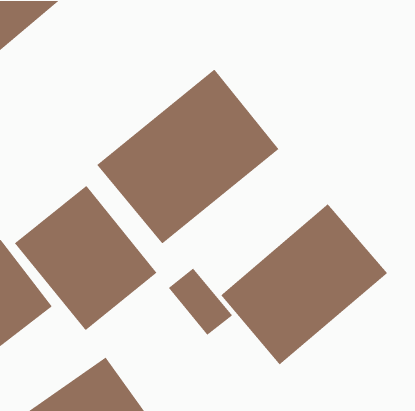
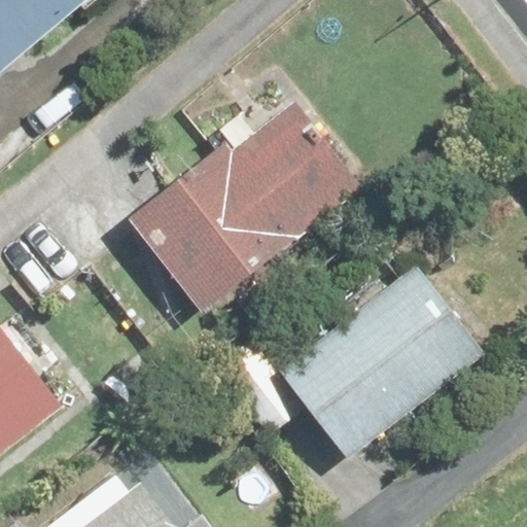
building: [14,185,157,331] -> none

